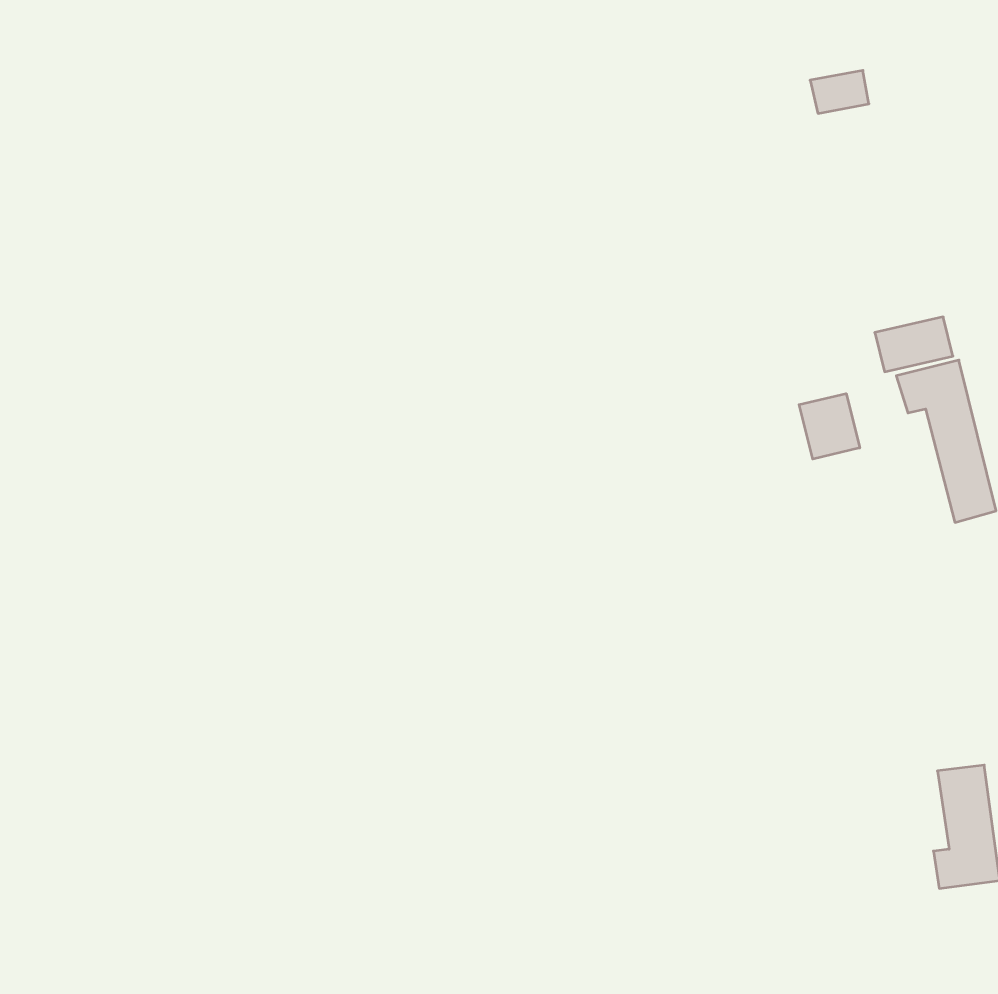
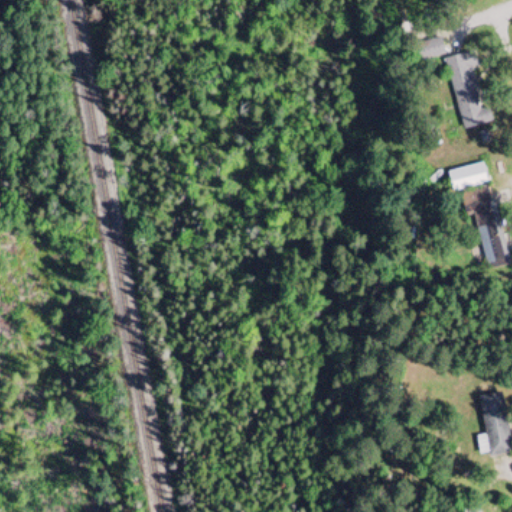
building: none -> [446,51,493,128]
building: [799,394,860,459] -> none

